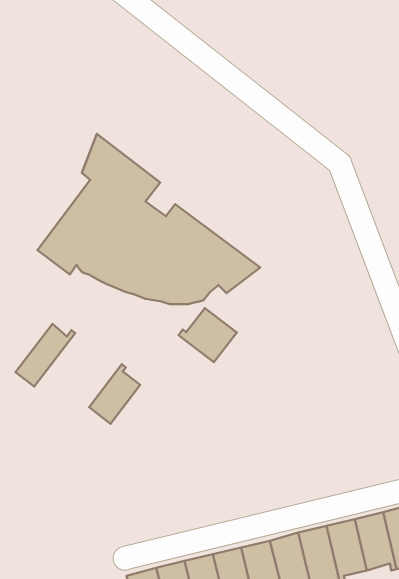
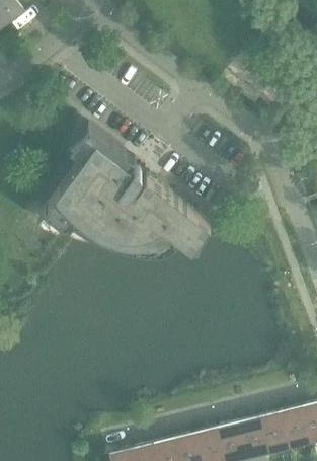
building: [179,308,237,362] -> none
building: [16,324,75,386] -> none
building: [89,364,140,424] -> none

